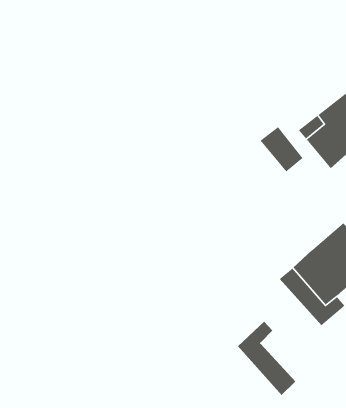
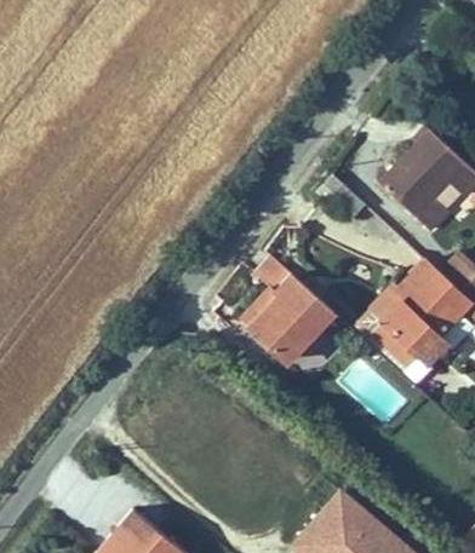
building: none -> [252,272,327,355]
building: [237,321,296,396] -> none

